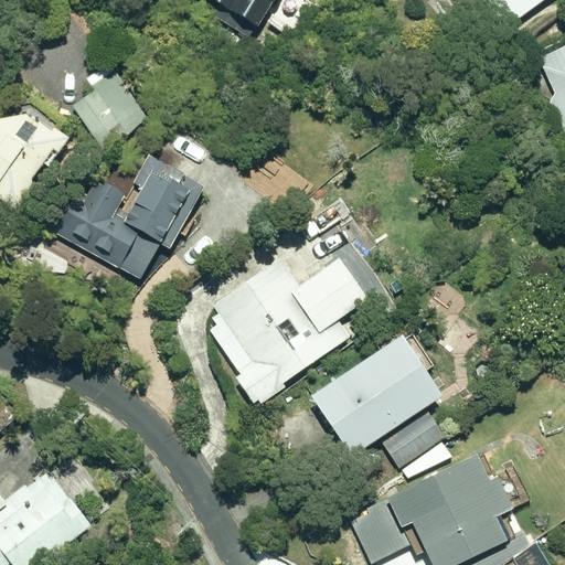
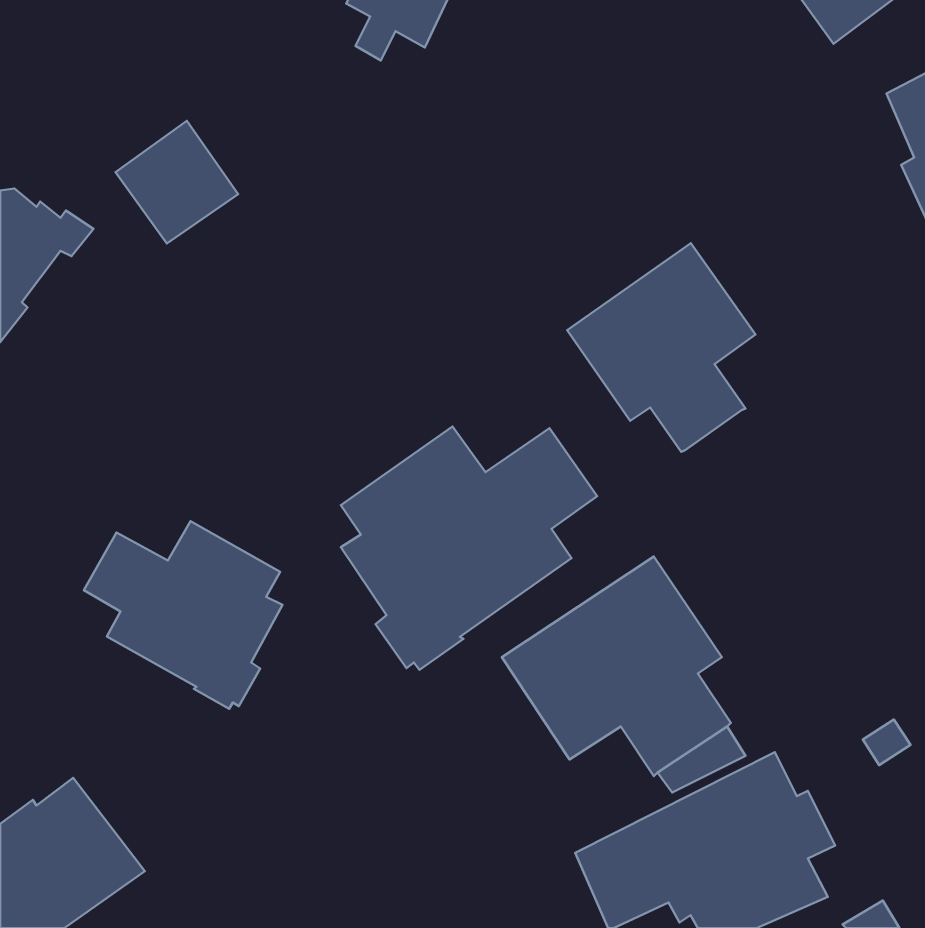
building: none -> [567,243,755,452]
building: [45,156,202,280] -> none
building: none -> [84,521,282,709]

